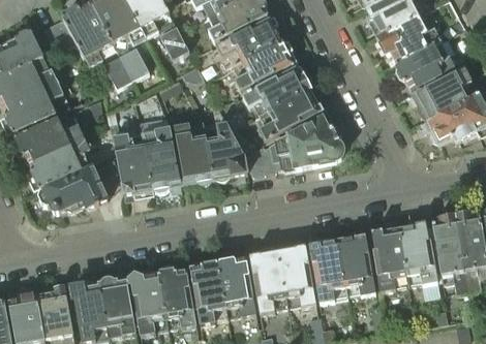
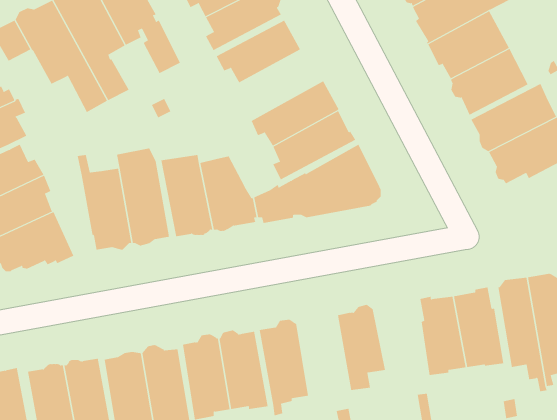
building: [234,40,298,91] -> none
building: [337,232,375,294] -> none
building: [278,244,316,306] -> none

